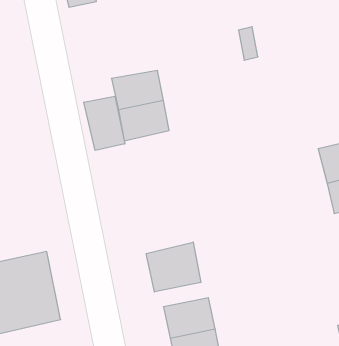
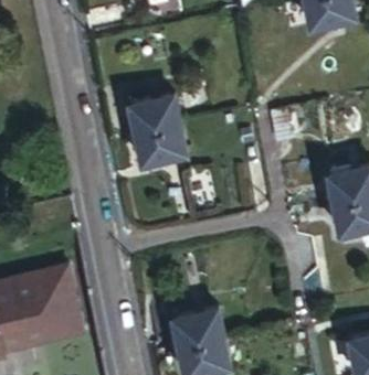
building: [84,96,125,150] -> none
building: [146,242,201,292] -> none

